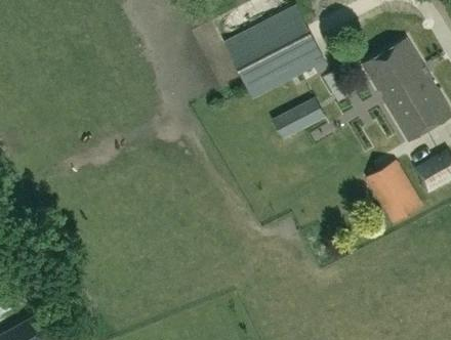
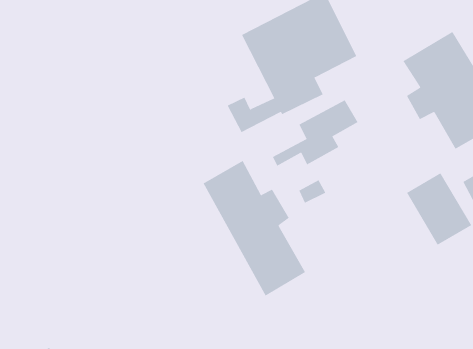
building: none -> [203,160,306,297]

